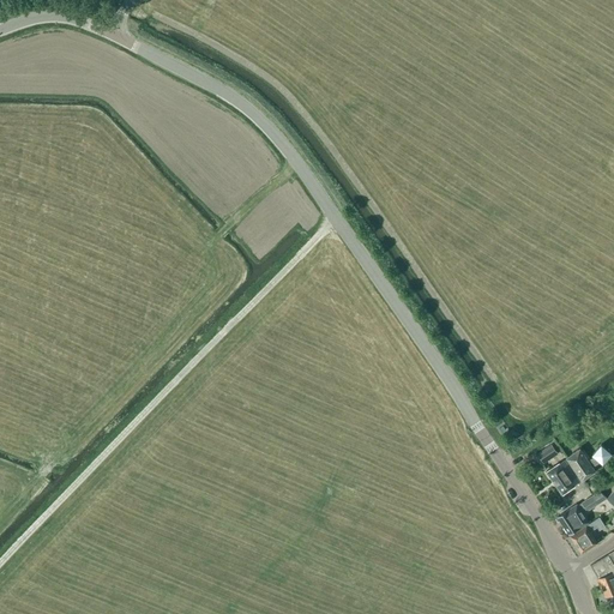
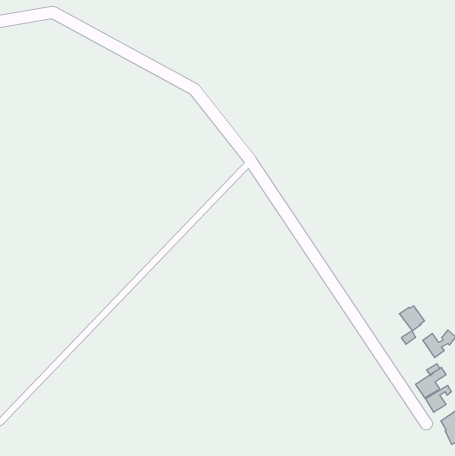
building: [549,459,583,493] -> [399,306,425,331]

